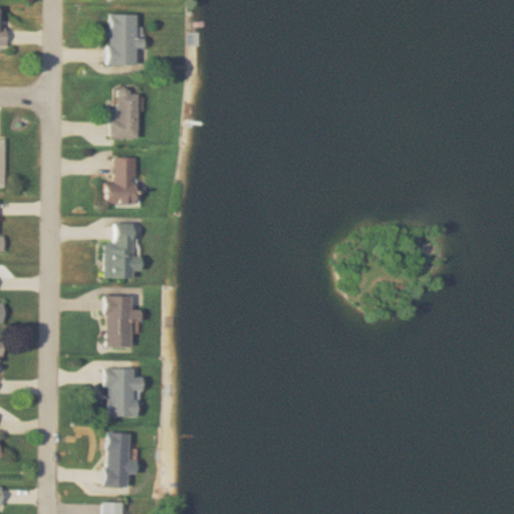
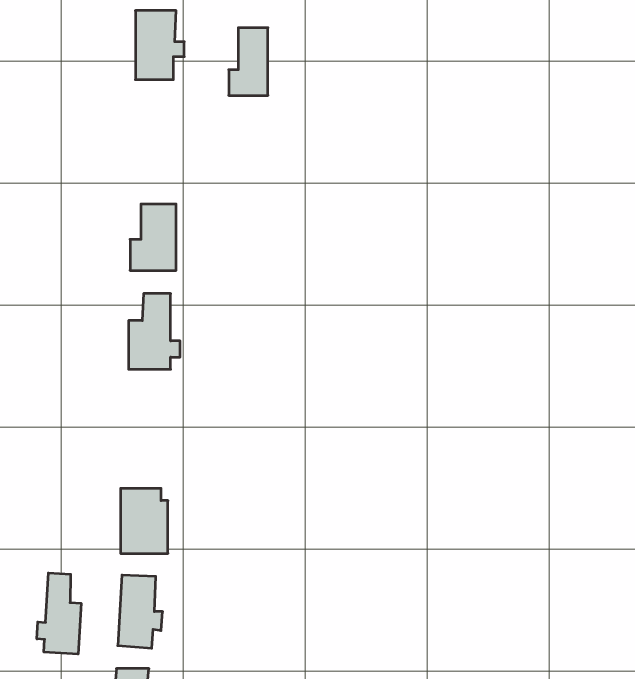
building: [113,87,143,138] -> [229,28,268,95]
building: [100,295,136,348] -> none
building: none -> [37,573,81,654]

